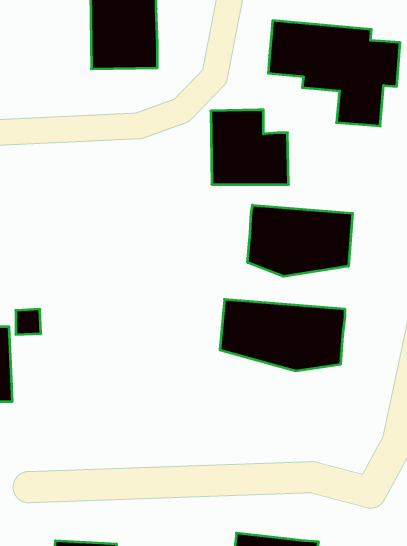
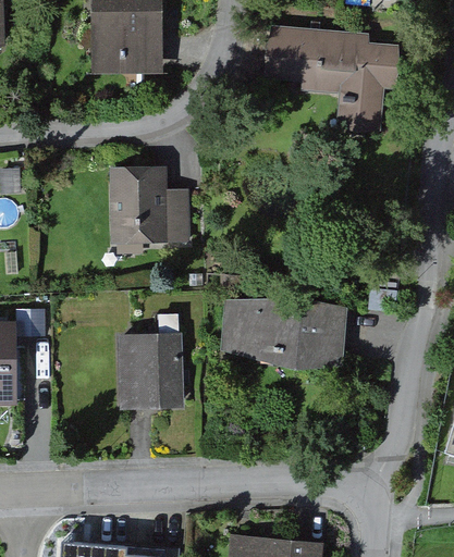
building: [211,110,289,184] -> [111,169,188,243]
building: [248,205,353,276] -> none
building: none -> [120,337,184,413]

